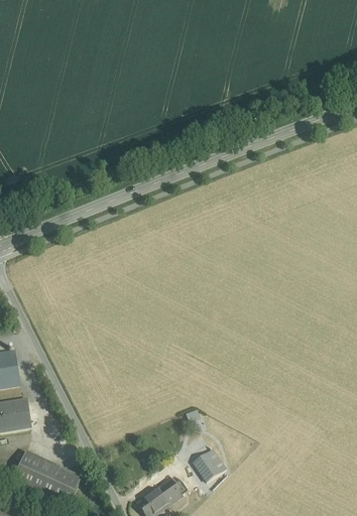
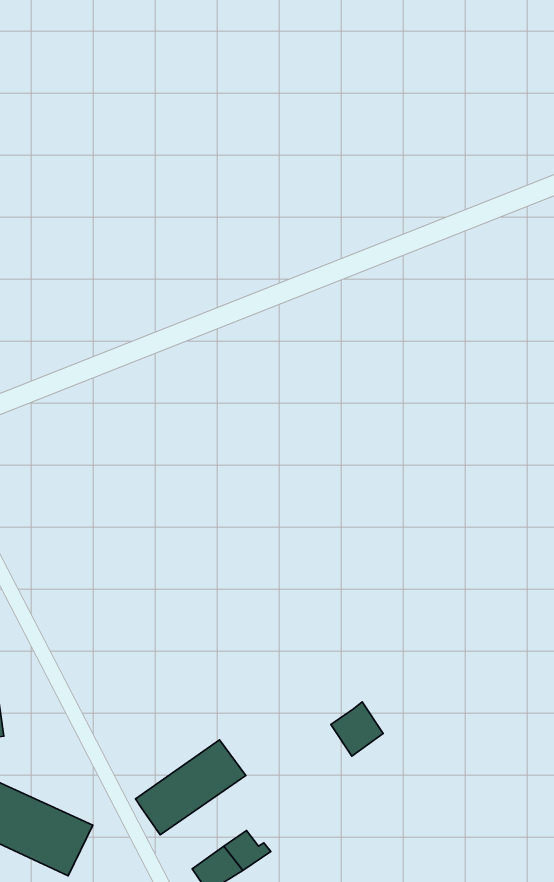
building: none -> [135,740,246,835]
building: [194,448,224,480] -> [331,702,383,756]

